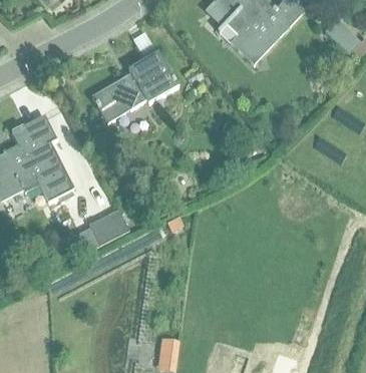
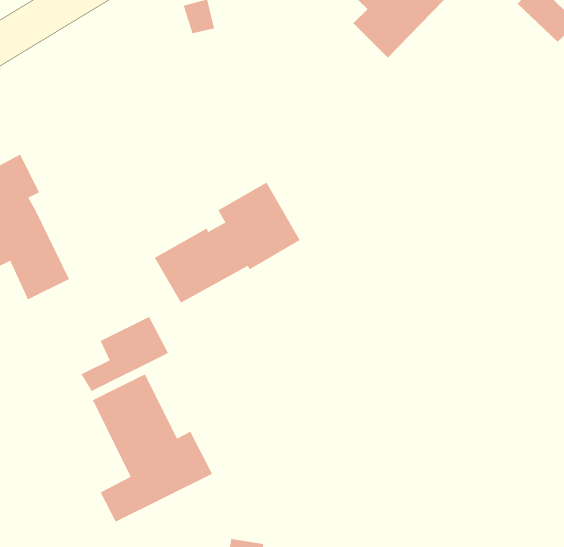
building: [93,52,176,121] -> [154,182,301,304]
building: none -> [92,374,213,523]

